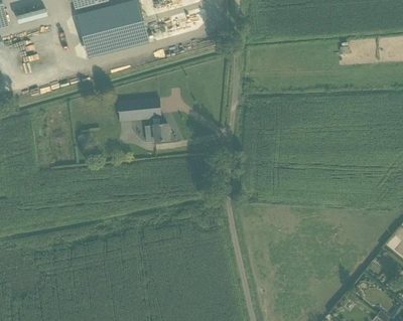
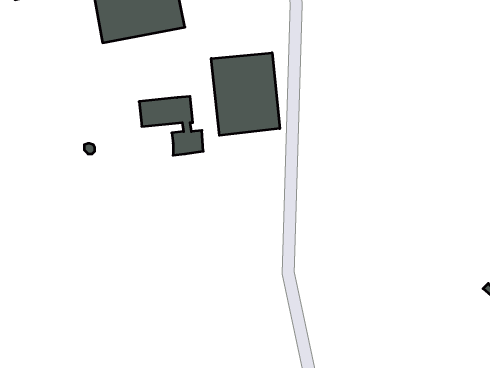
building: none -> [211,53,280,135]

